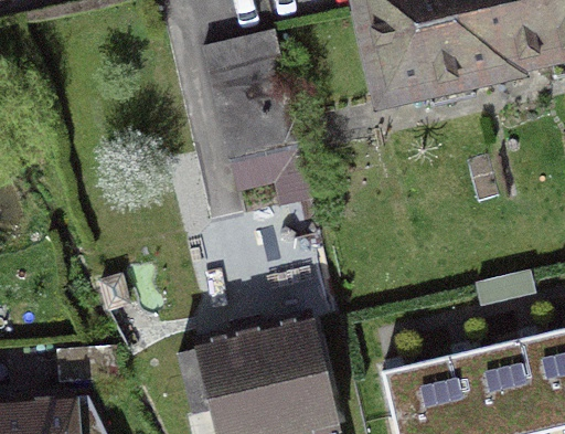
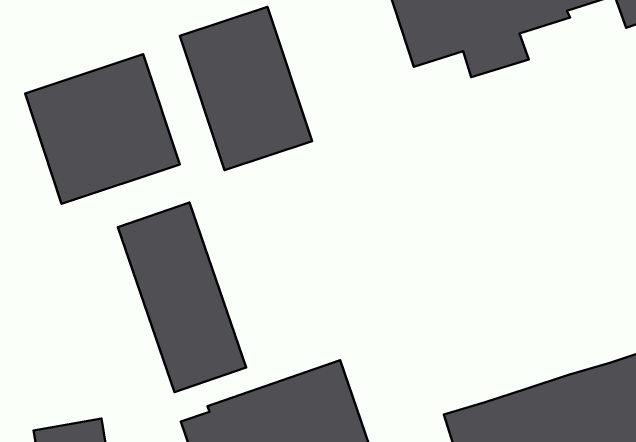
building: none -> [25,54,180,204]
building: none -> [118,202,246,392]

